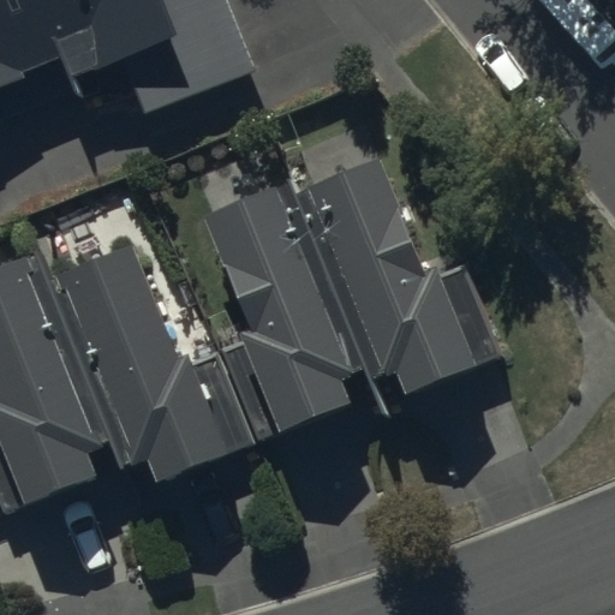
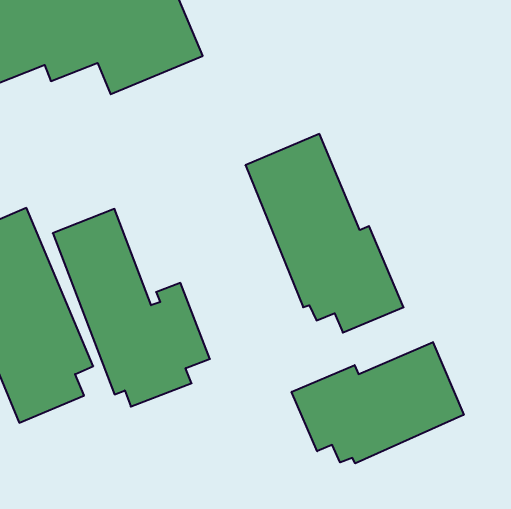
building: [199,185,358,441] -> none
building: none -> [292,342,464,463]

